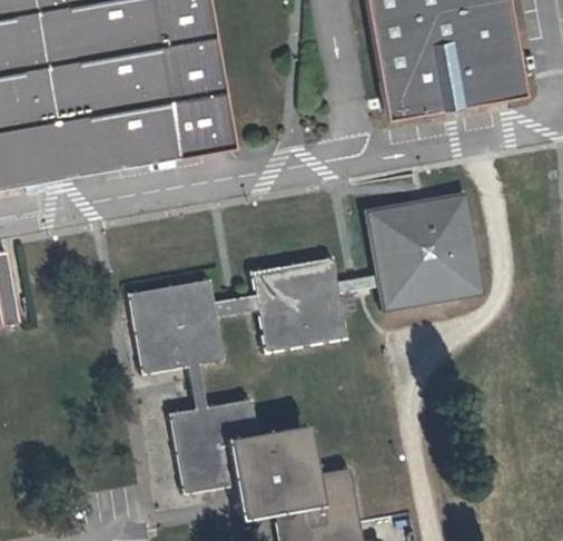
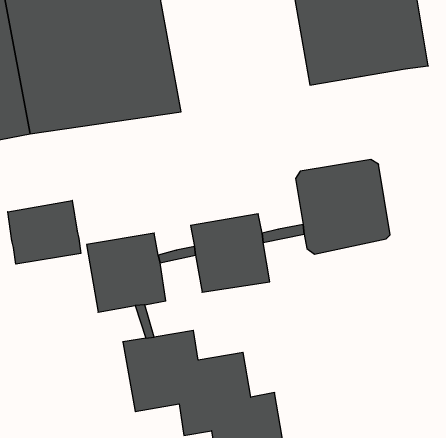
building: none -> [8,200,81,264]

